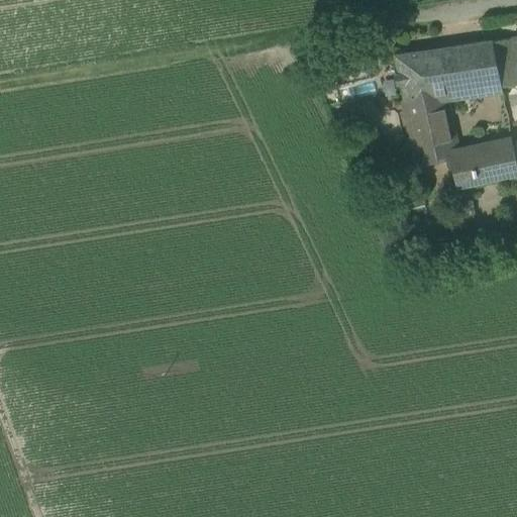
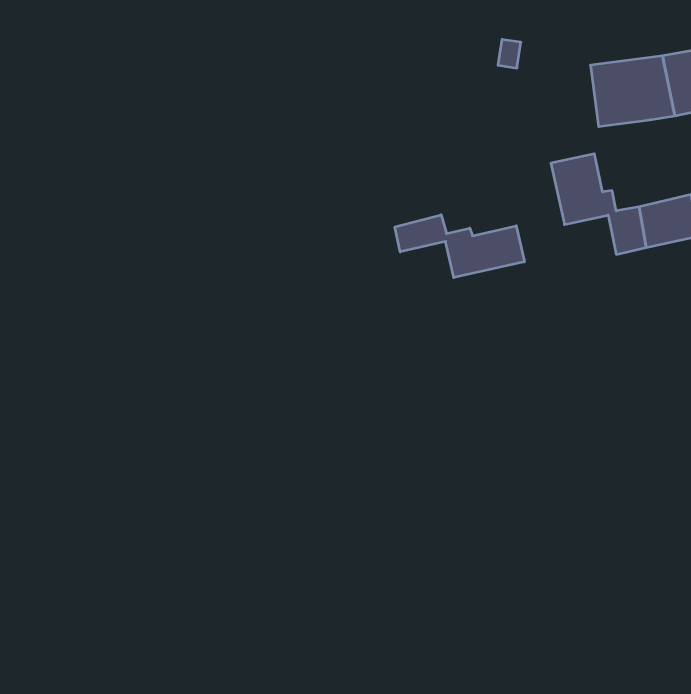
building: [398,48,447,121] -> none
building: none -> [395,215,524,278]

